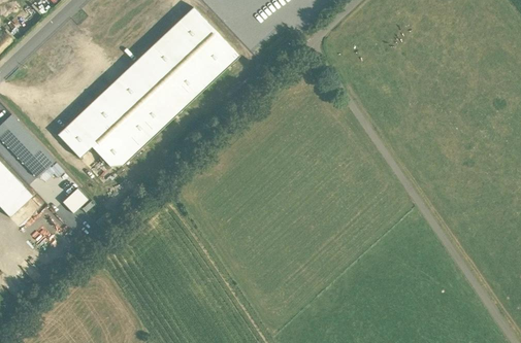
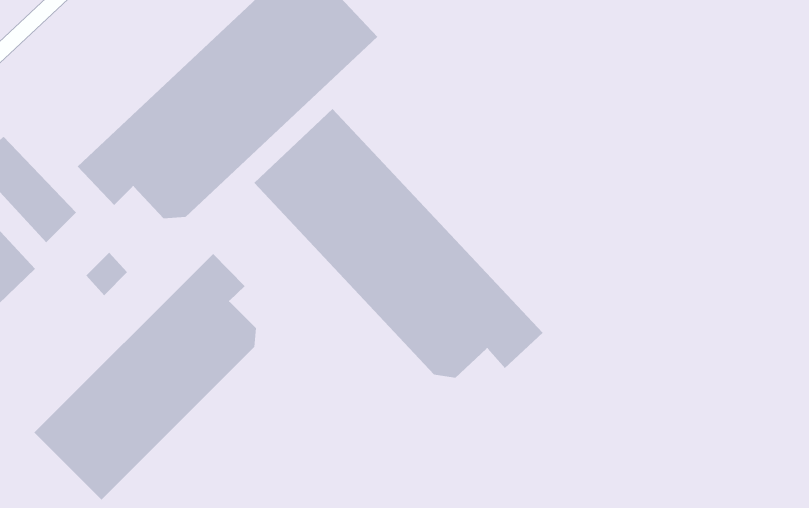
building: none -> [253,108,544,378]
building: none -> [34,253,257,501]

